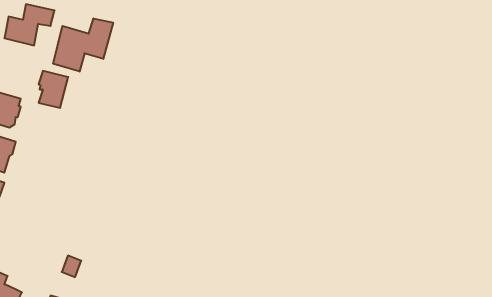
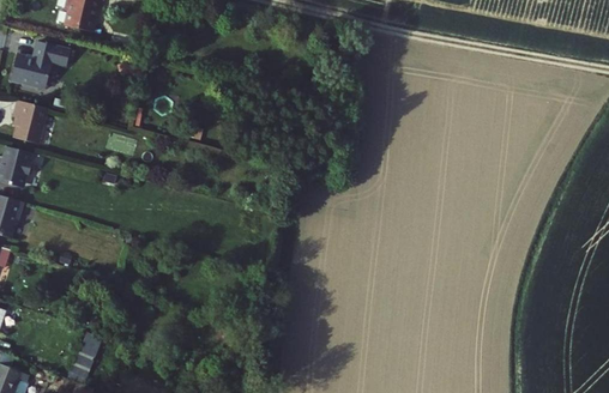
building: [53,18,113,72] -> none
building: [39,71,68,108] -> [10,99,44,143]

